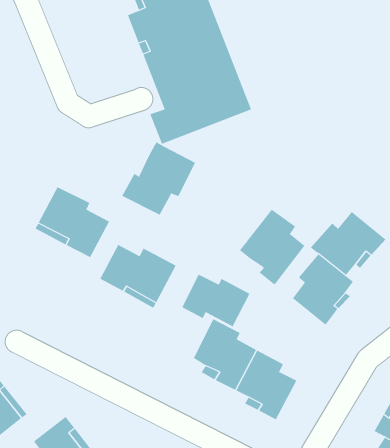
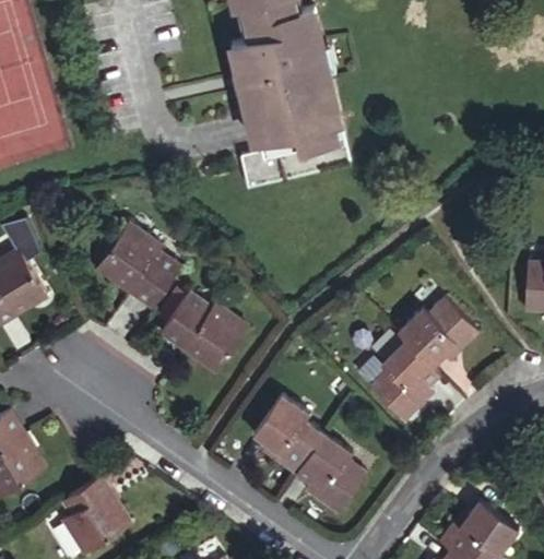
building: [122,142,196,216] -> none
building: [239,209,305,286] -> none
building: [181,274,250,327] -> none

